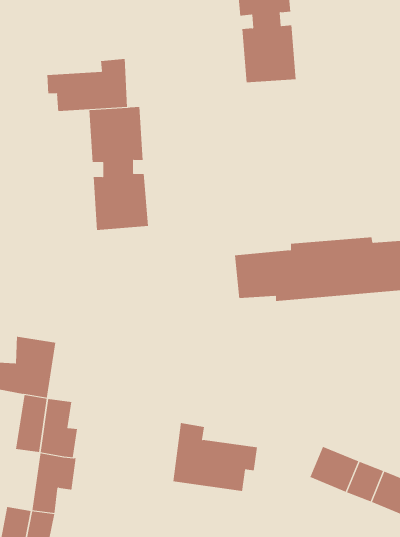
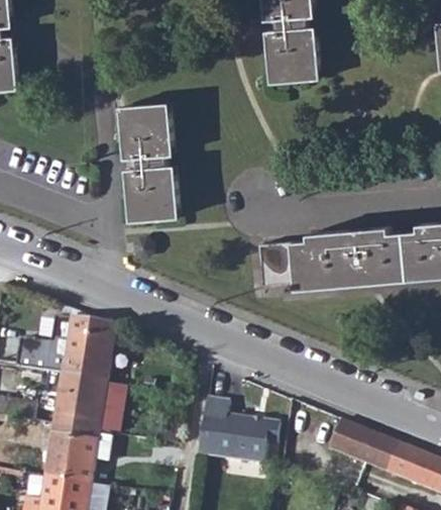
building: [47,58,128,112] -> none
building: none -> [83,325,113,381]
building: none -> [44,425,76,483]

